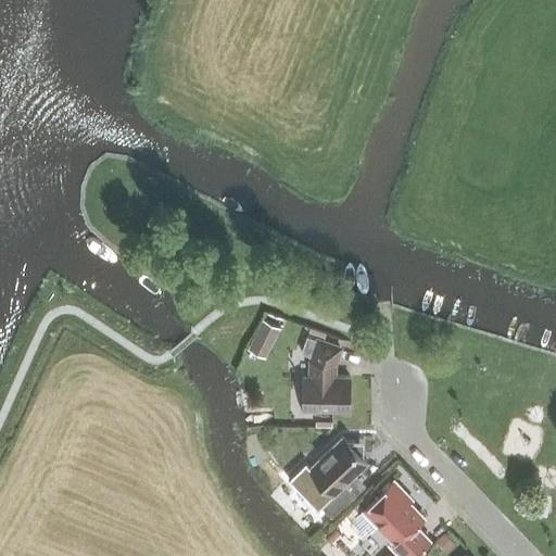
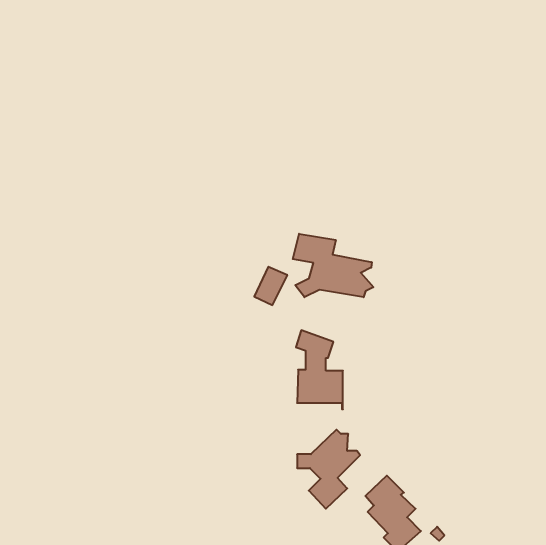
building: none -> [293,234,373,297]
building: [248,320,281,359] -> [254,267,287,305]

